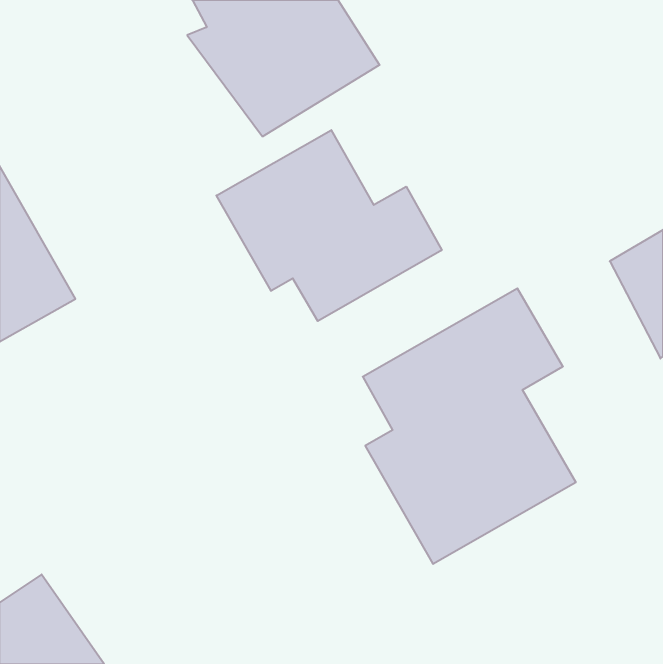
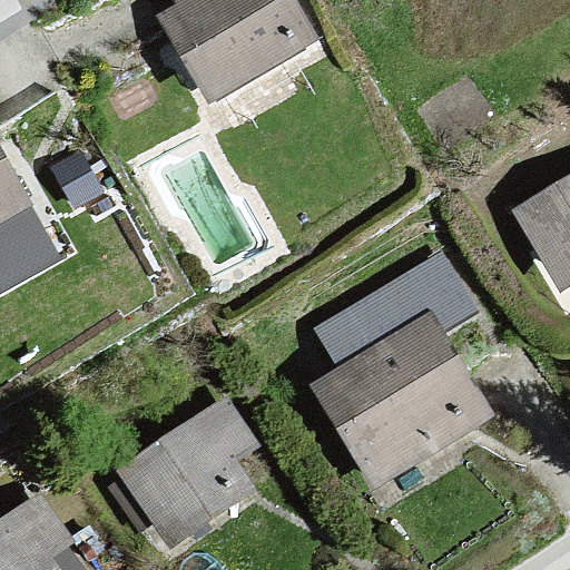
building: [216,130,442,321] -> none
building: none -> [118,399,257,547]

